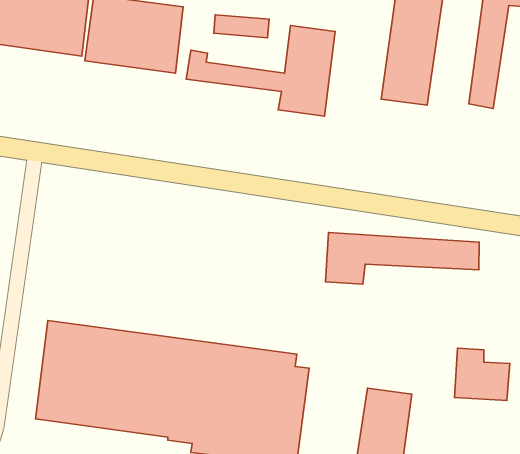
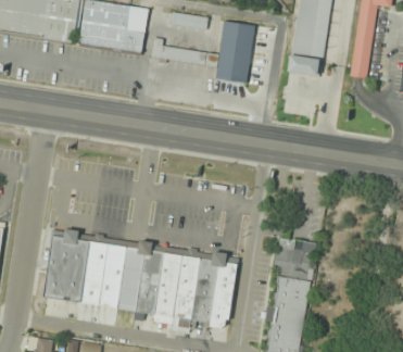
building: [326,233,479,284] -> none
building: [455,348,510,400] -> [275,239,314,276]

